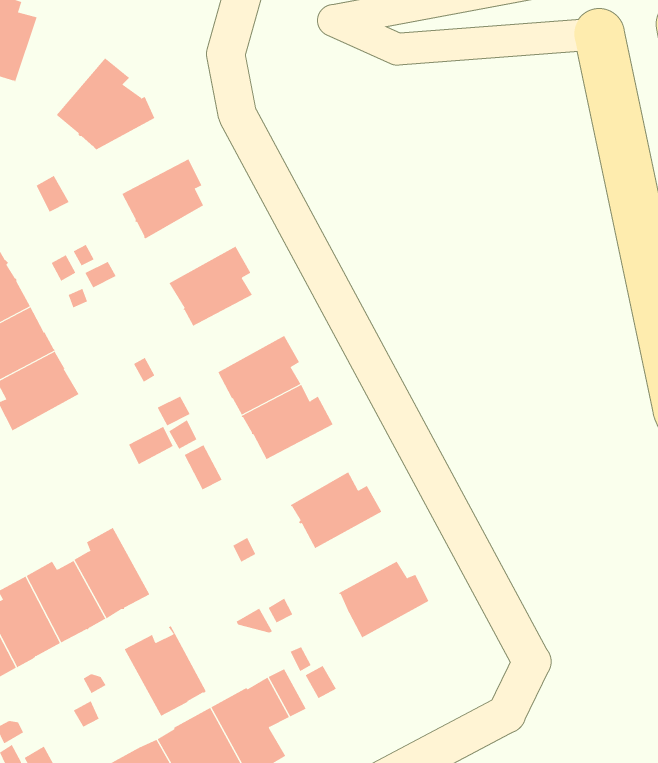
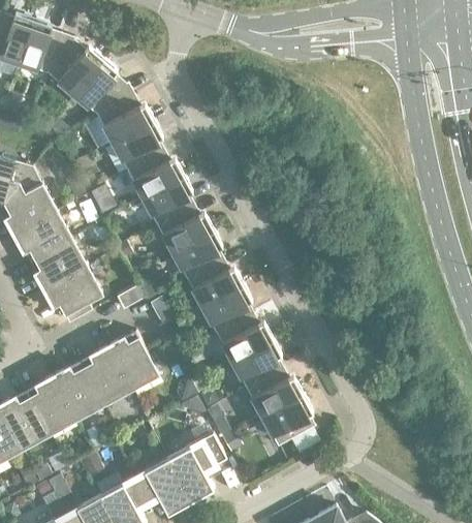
building: none -> [46,35,101,95]
building: none -> [96,97,153,144]
building: none -> [126,151,182,198]
building: none -> [155,206,212,253]
building: none -> [44,267,101,325]
building: none -> [200,285,251,335]
building: none -> [230,339,281,389]
building: none -> [259,394,313,448]
building: [124,626,206,716] -> [106,334,157,390]

